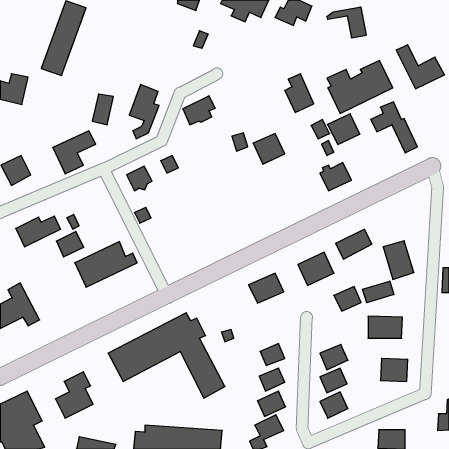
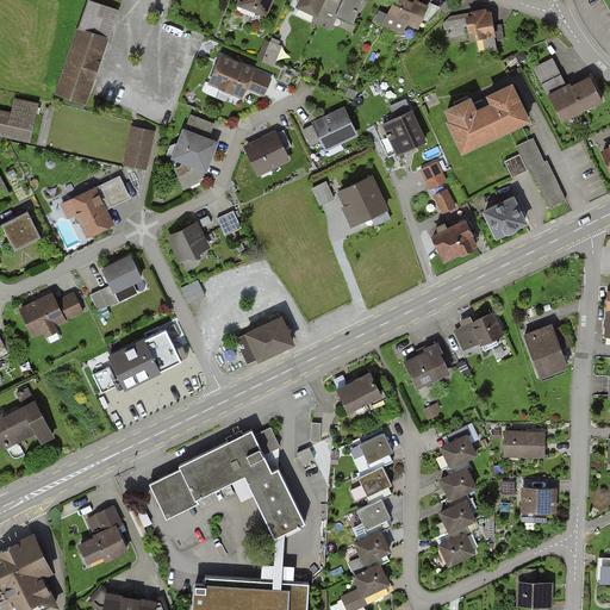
building: none -> [204,55,272,97]
building: none -> [304,110,355,148]
building: [327,114,360,145] -> [485,195,529,237]
building: [56,231,84,257] -> [105,256,142,291]
building: none -> [249,315,293,359]
building: [362,281,394,303] -> none
building: [334,287,361,311] -> [434,436,471,469]
building: none -> [354,432,388,463]

